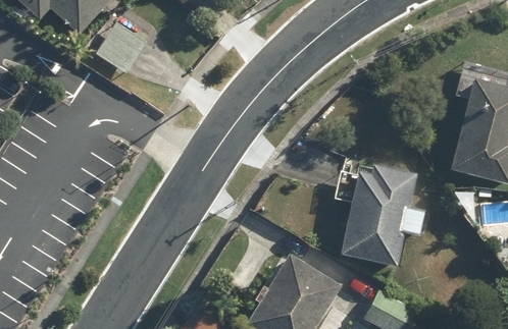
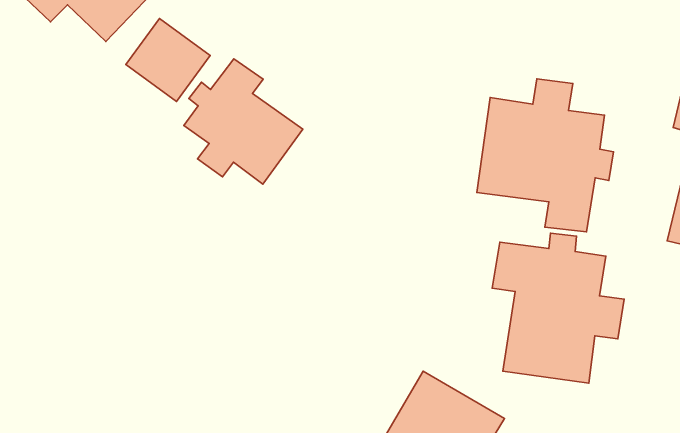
building: none -> [184,59,303,184]
building: none -> [477,79,613,232]

